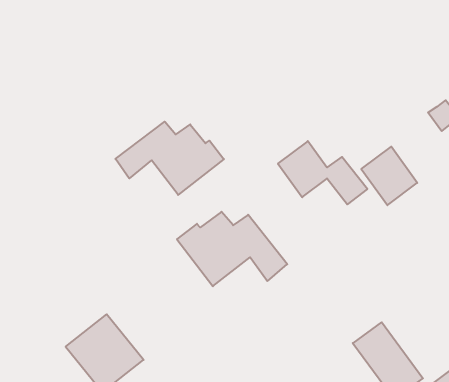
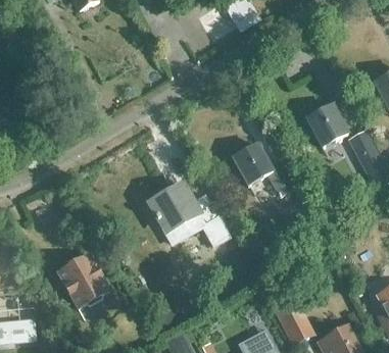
building: [115,122,224,195] -> none
building: [361,147,417,205] -> [307,105,347,148]

